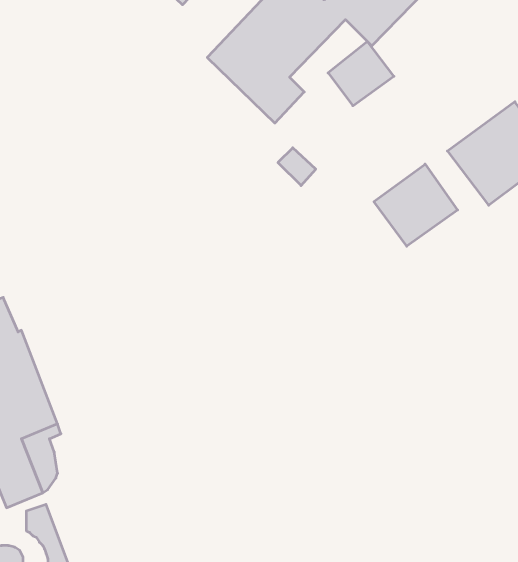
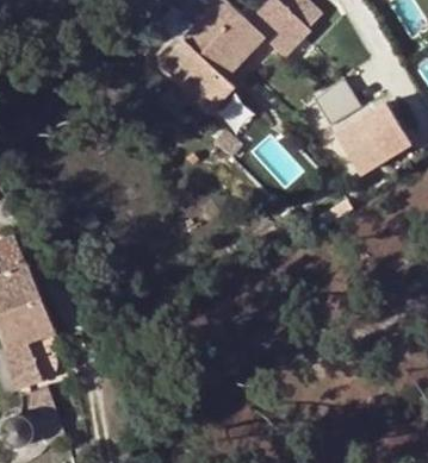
building: [328,42,394,106] -> [314,79,361,125]
building: [374,164,458,246] -> none

